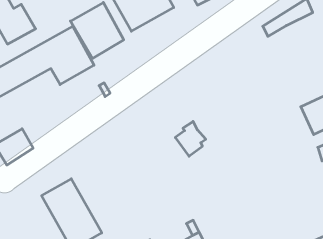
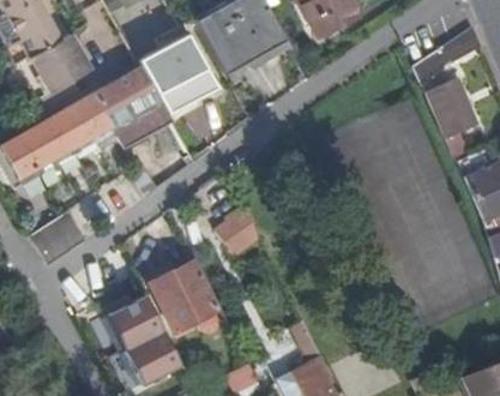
building: none -> [427,79,475,162]
building: [175,121,206,156] -> [216,209,259,258]
building: none -> [150,260,218,331]

